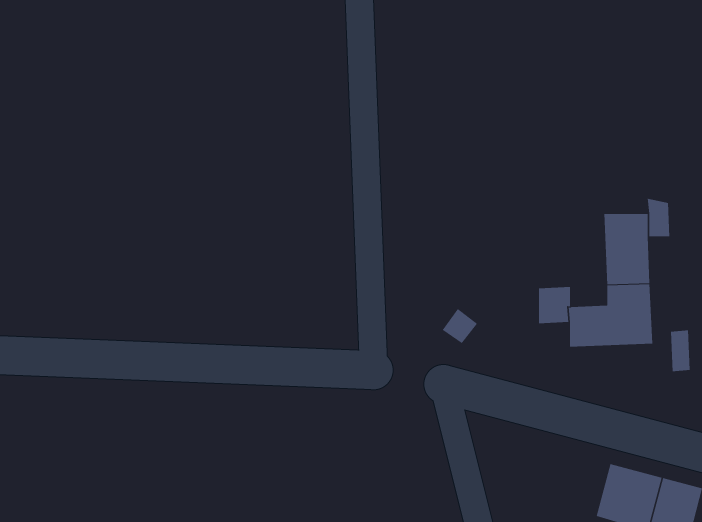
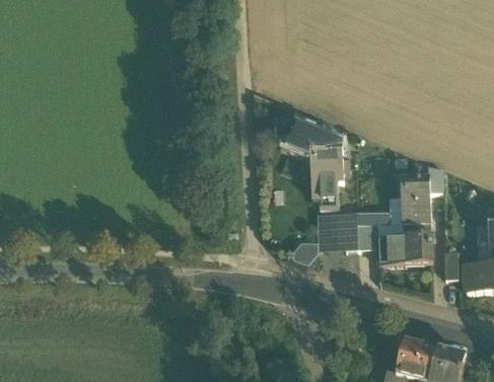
building: none -> [292,124,342,206]
building: none -> [320,216,356,249]

